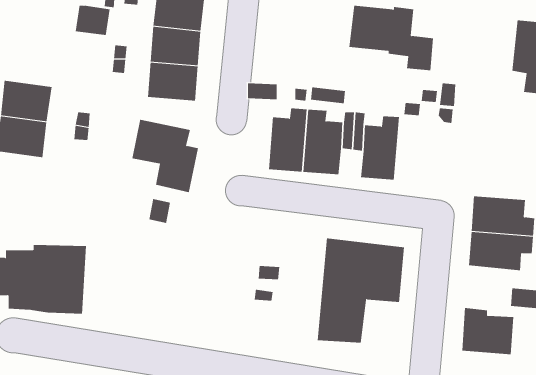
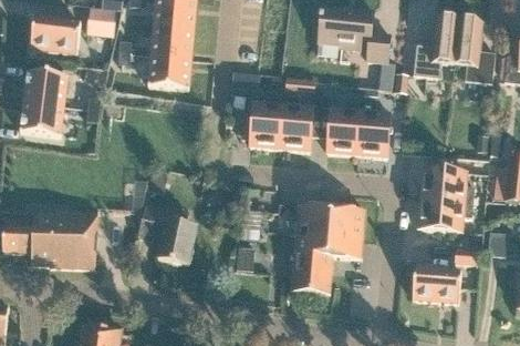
building: none -> [30,12,80,54]
building: none -> [413,18,458,79]
building: none -> [355,102,389,157]
building: [132,119,199,193] -> [137,203,194,265]

